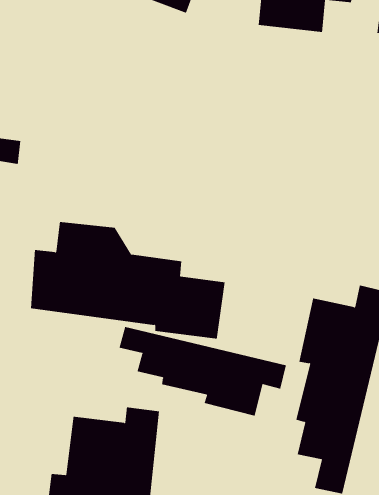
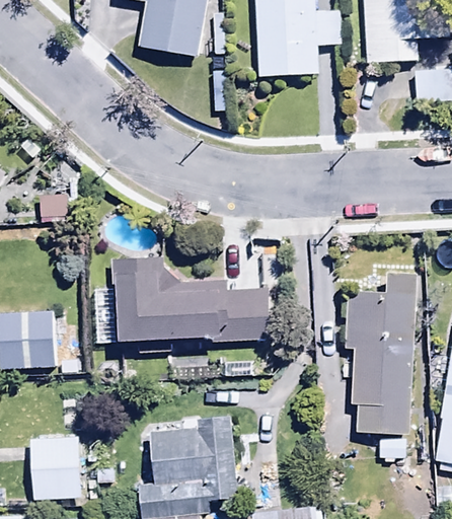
building: [119,326,286,417] -> none

